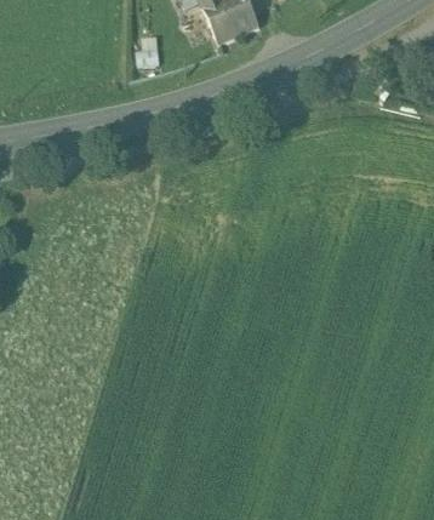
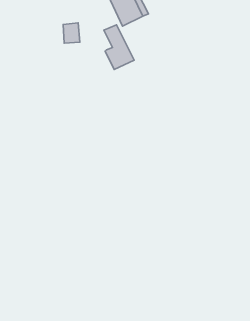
building: none -> [104,25,134,70]

